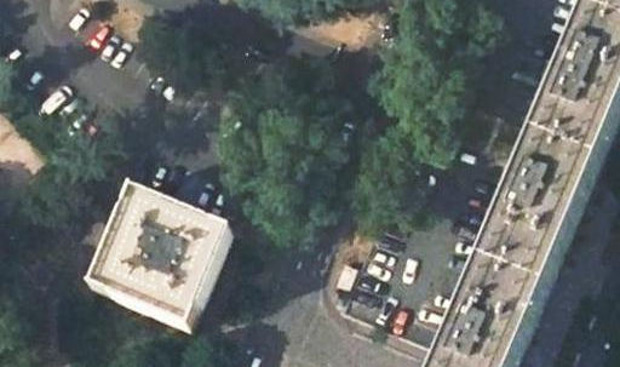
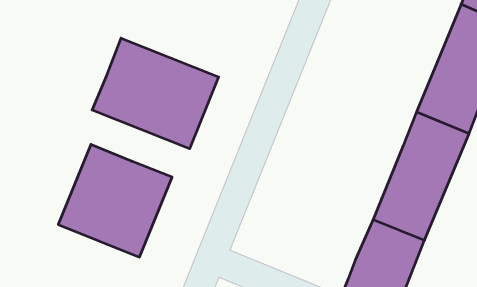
building: none -> [92,38,219,149]

